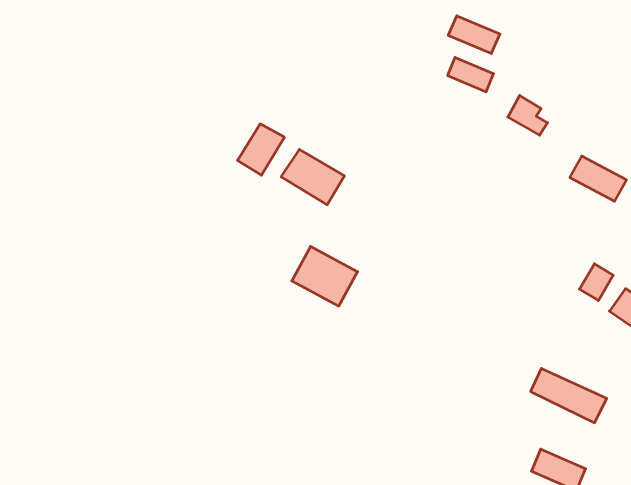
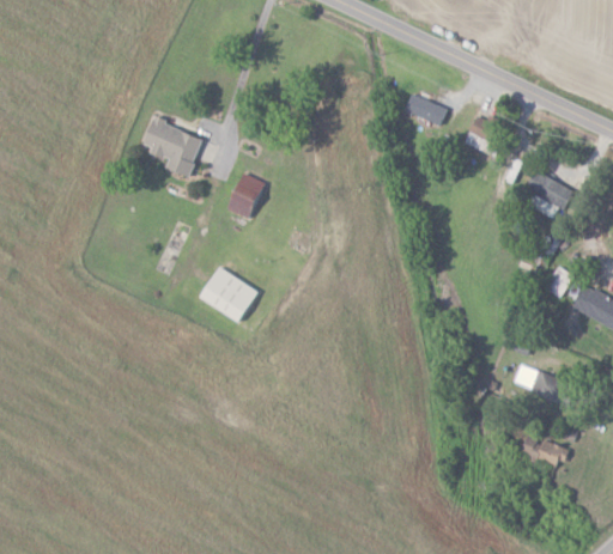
building: [448,16,500,54] -> none
building: none -> [145,120,202,176]
building: [281,149,344,205] -> none
building: [292,246,358,306] -> [201,269,259,319]

